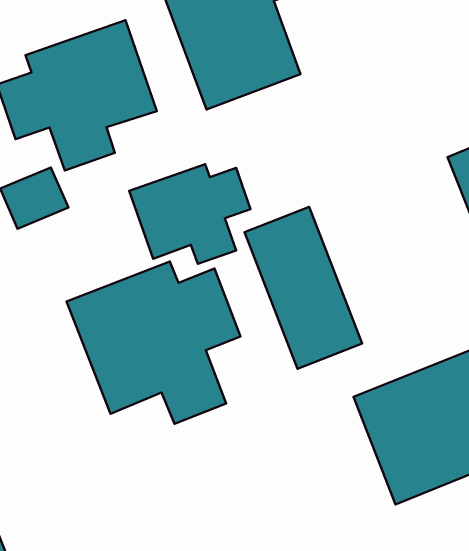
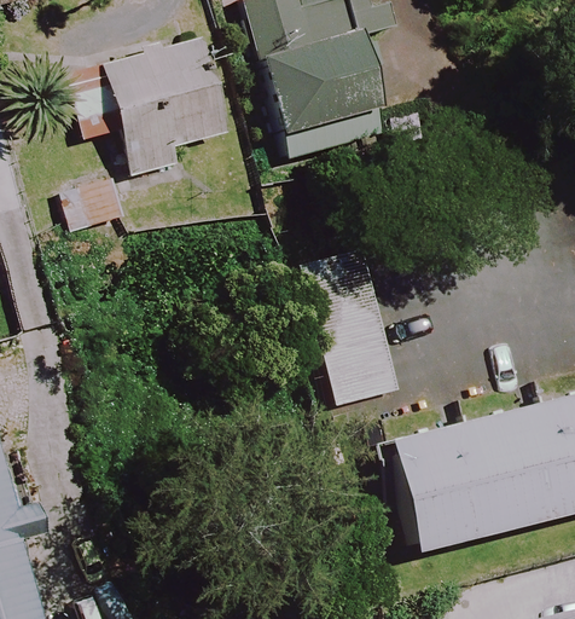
building: [129,164,251,264] -> none
building: [66,261,241,424] -> none

